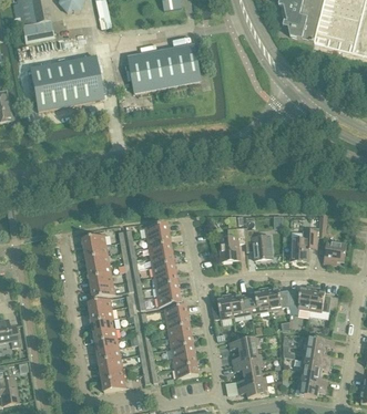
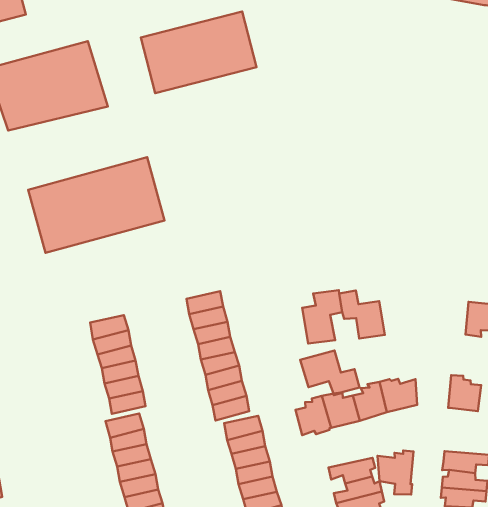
building: none -> [28,157,164,253]
building: [289,227,317,260] -> none
building: none -> [300,351,360,393]
building: [288,286,312,314] -> [378,450,413,495]

